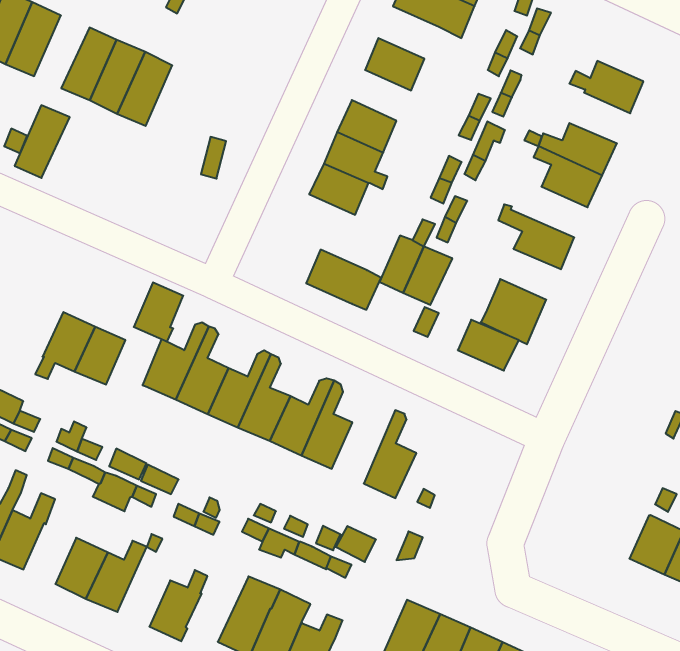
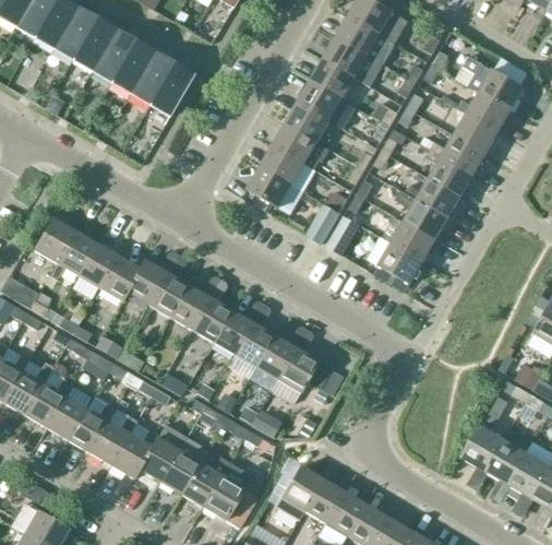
building: none -> [323,37,383,86]
building: none -> [461,56,527,111]
building: none -> [148,62,193,116]
building: none -> [299,81,344,125]
building: none -> [454,115,499,154]
building: [15,105,70,178] -> [72,17,116,70]
building: none -> [405,179,460,218]
building: [306,250,381,310] -> [248,166,302,213]
building: [134,282,183,341] -> [99,257,137,300]
building: none -> [34,218,74,262]
building: [458,320,519,371] -> [392,222,436,261]
building: none -> [255,327,305,379]
building: none -> [25,377,72,427]
building: none -> [89,414,137,465]
building: none -> [137,424,187,482]

